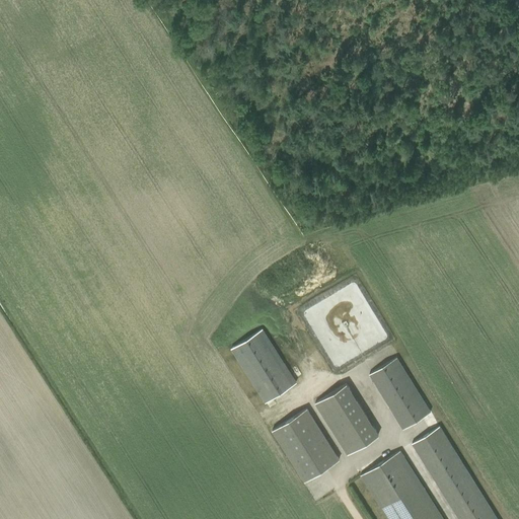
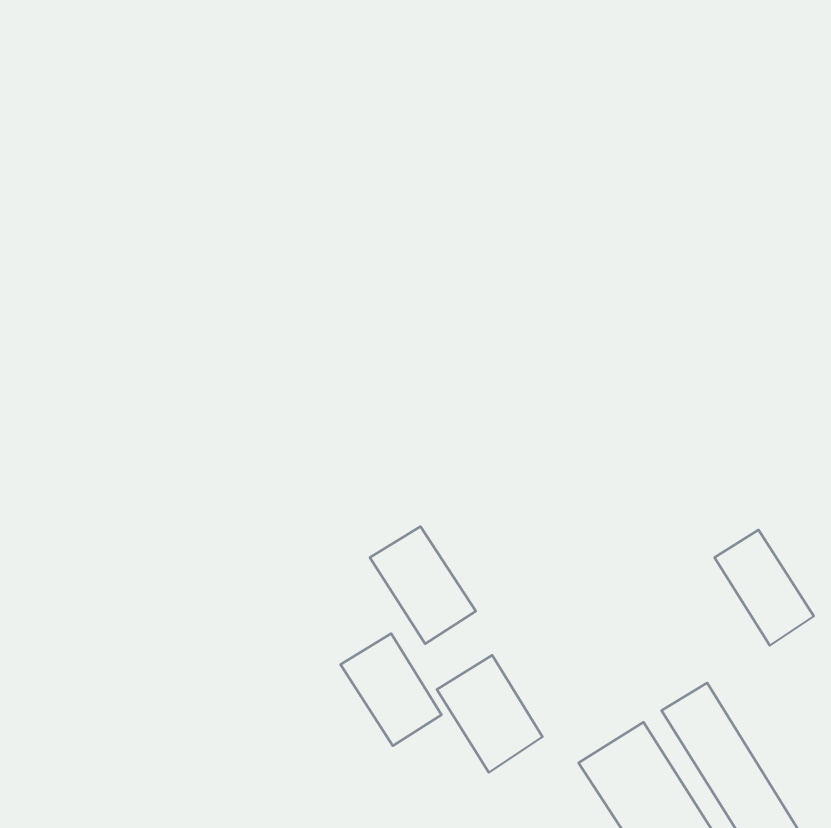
building: [369,359,431,431] -> [715,530,814,645]
building: [315,386,378,456] -> [341,633,442,746]

